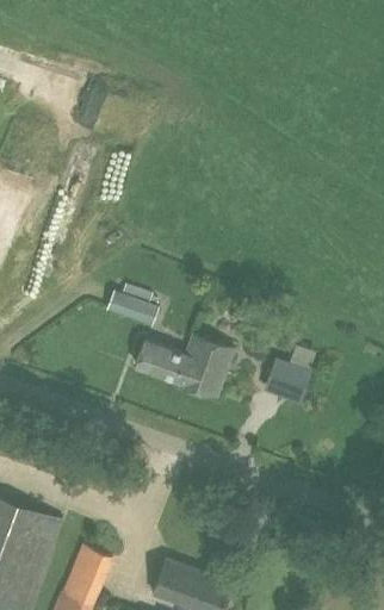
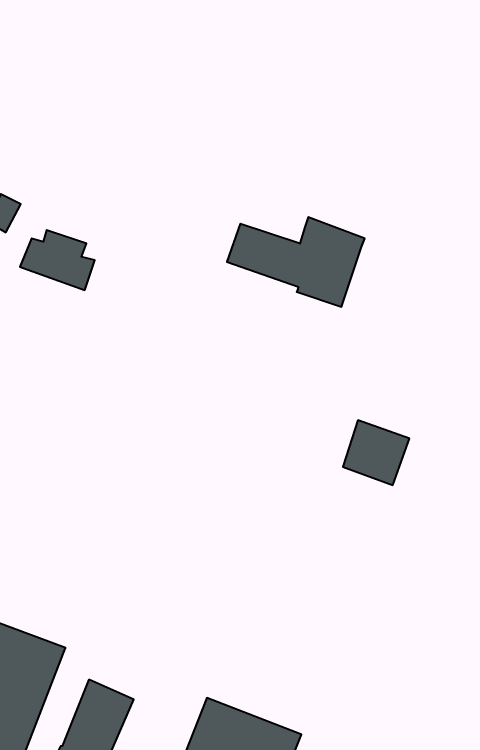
building: [106,286,160,329] -> [20,230,95,290]
building: [135,335,234,399] -> [227,217,365,307]

